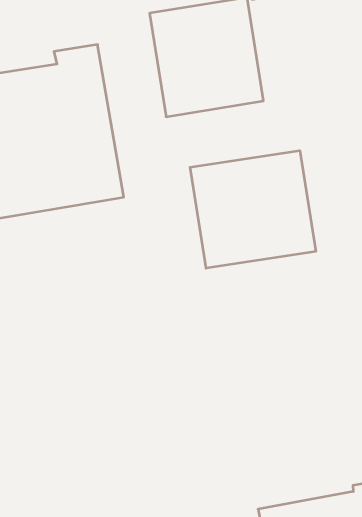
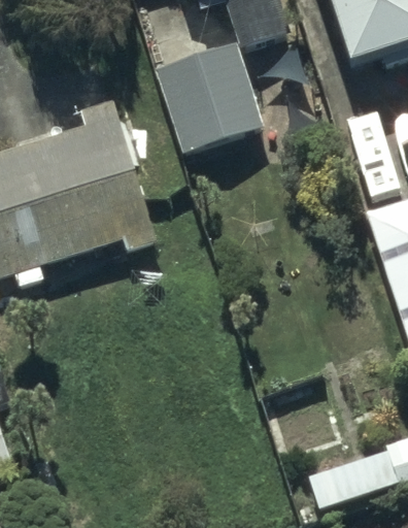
building: [190,151,316,268] -> none

